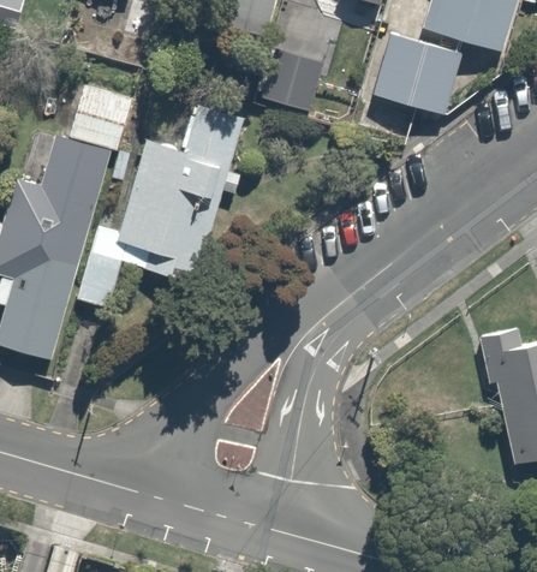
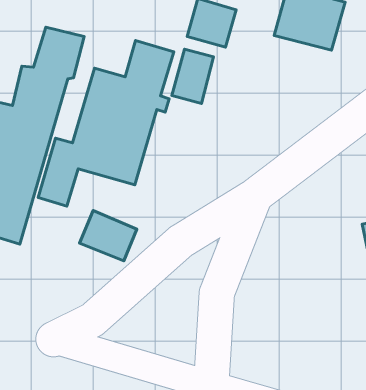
building: none -> [172,49,214,104]
building: none -> [80,211,137,261]

